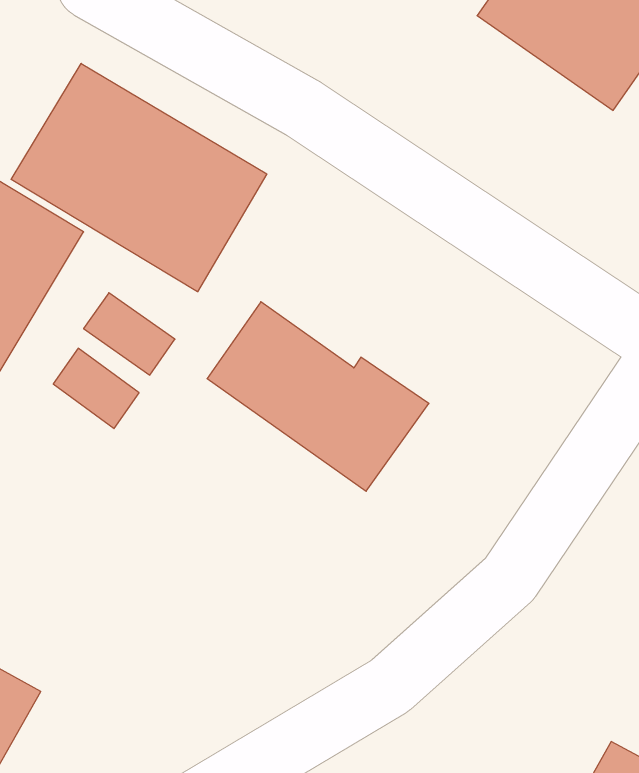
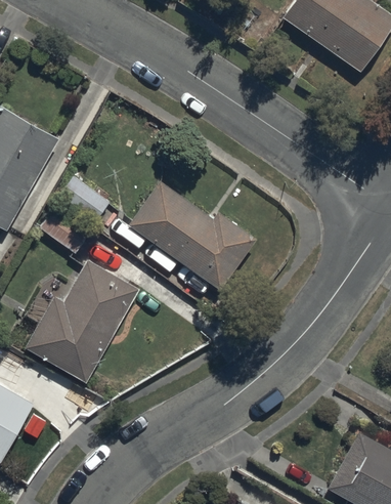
building: [11,63,267,292] -> none
building: none -> [26,260,139,382]

